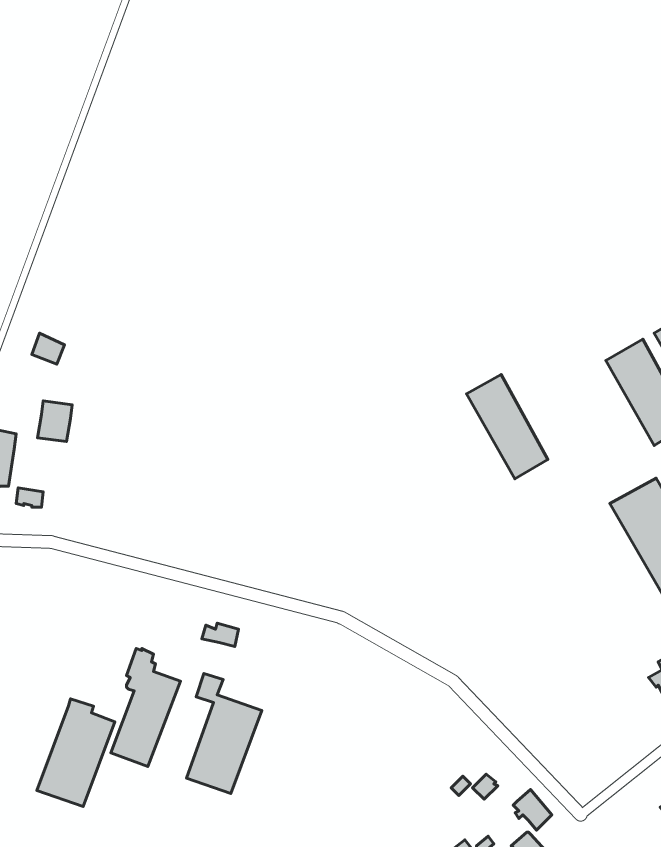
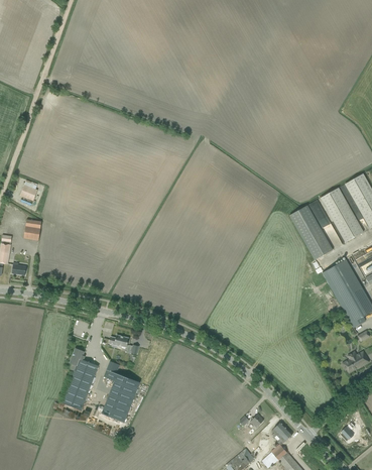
building: [466,374,548,479] -> [289,206,332,260]
building: [37,699,115,806] -> none

